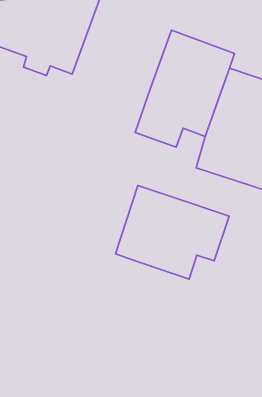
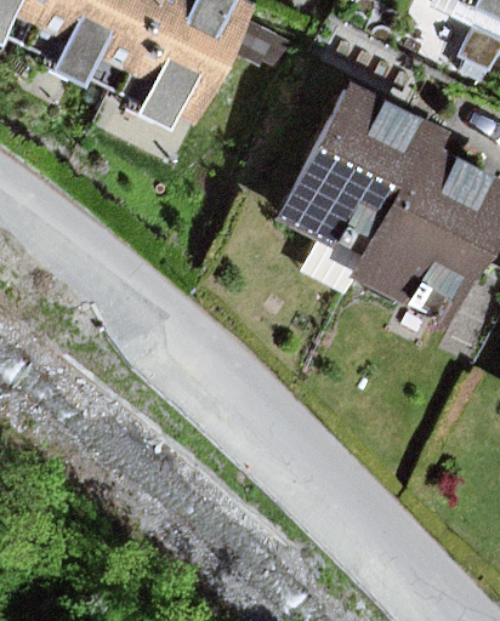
building: [115,185,229,279] -> none

